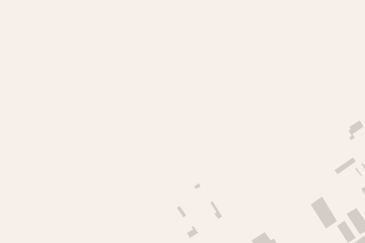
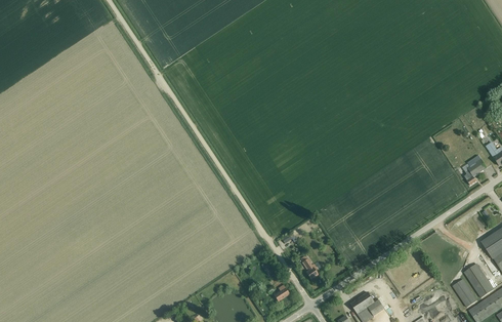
building: [310,195,338,229] -> none

